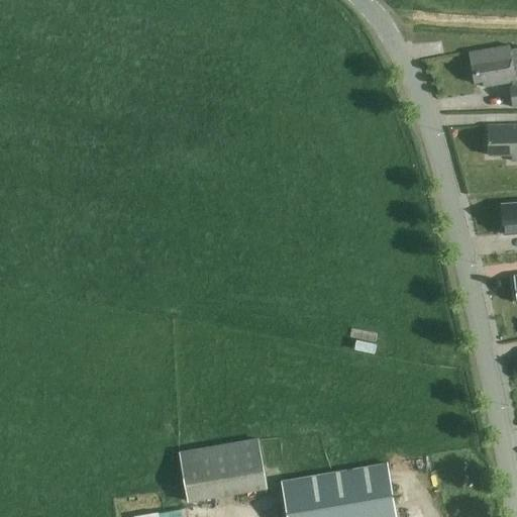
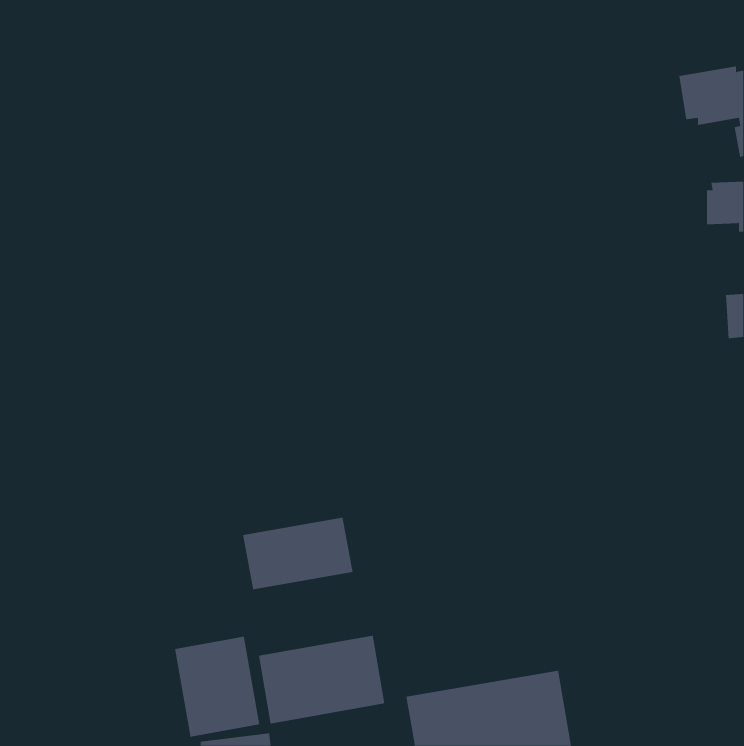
building: none -> [243,517,353,590]
building: none -> [174,636,260,738]

